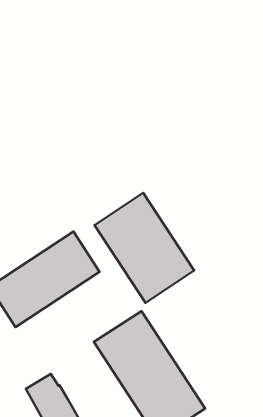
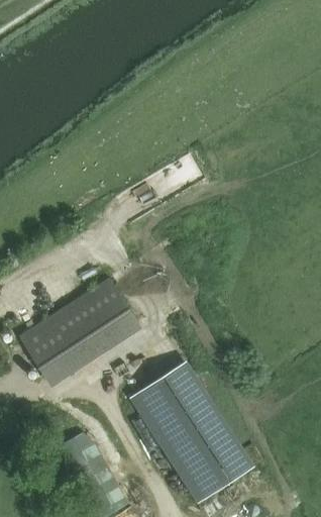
building: [95,193,194,303] -> none

